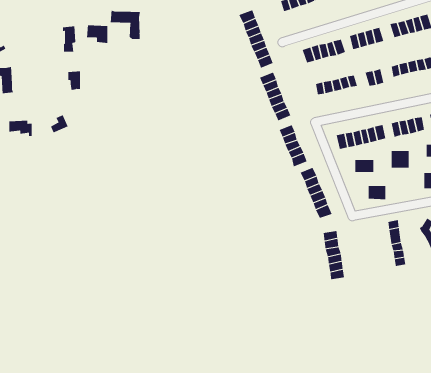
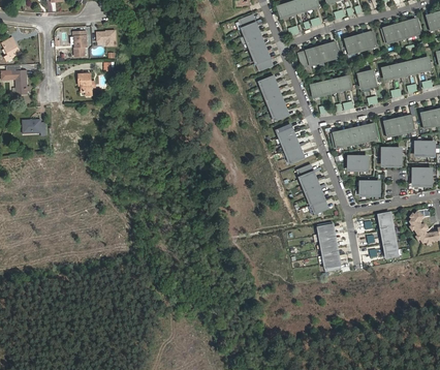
building: [110,10,141,40] -> none

